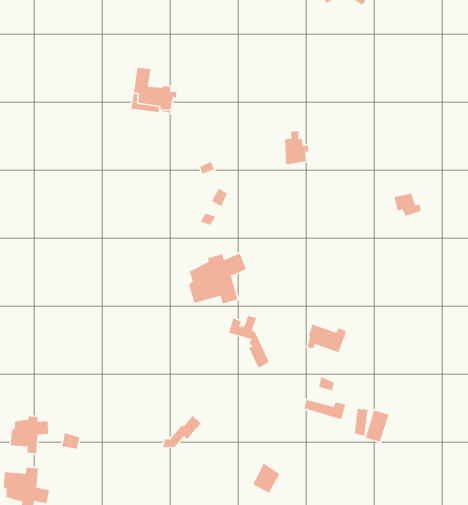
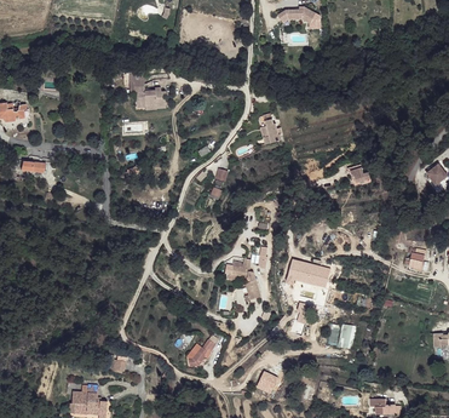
building: [188,253,247,304] -> none
building: [10,416,49,454] -> none

